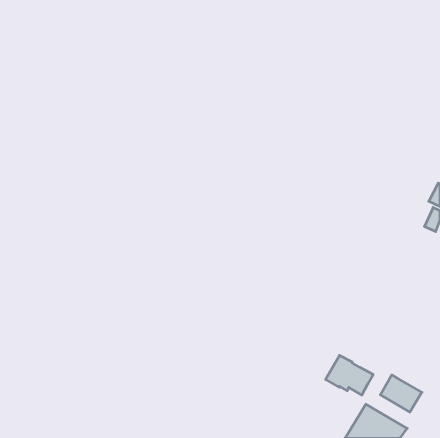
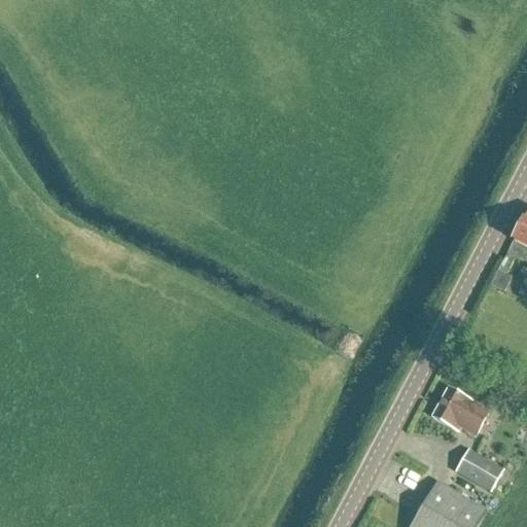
building: [326,355,373,395] -> [431,388,488,435]

